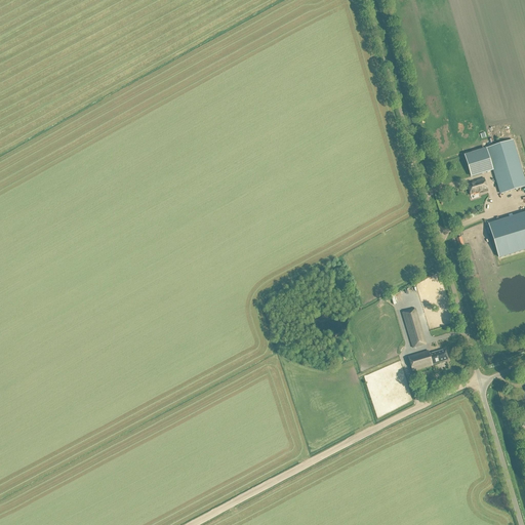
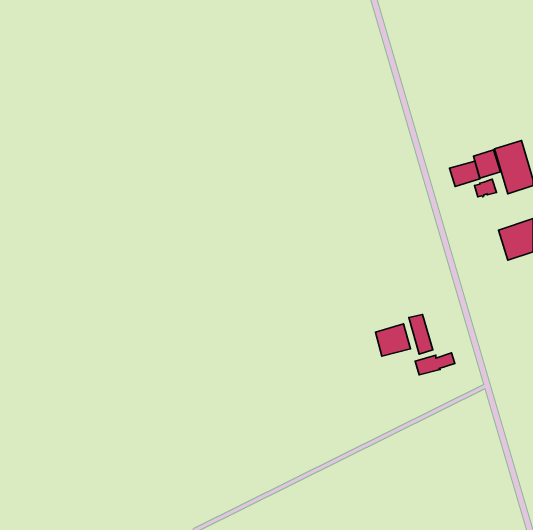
building: none -> [450,161,480,187]
building: none -> [375,324,411,356]

